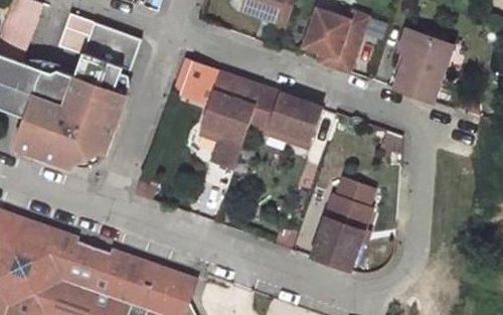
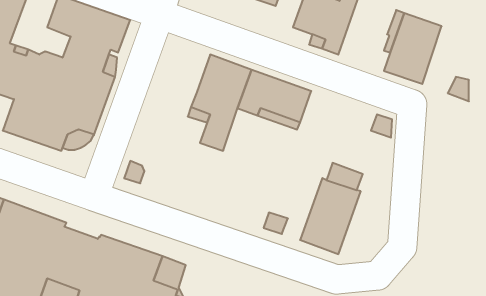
building: [171,59,220,109] -> none

